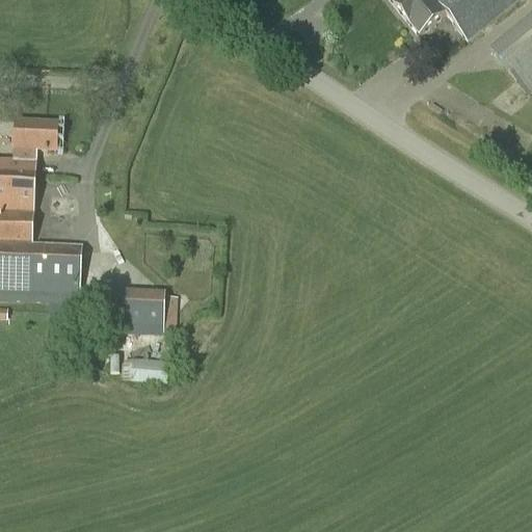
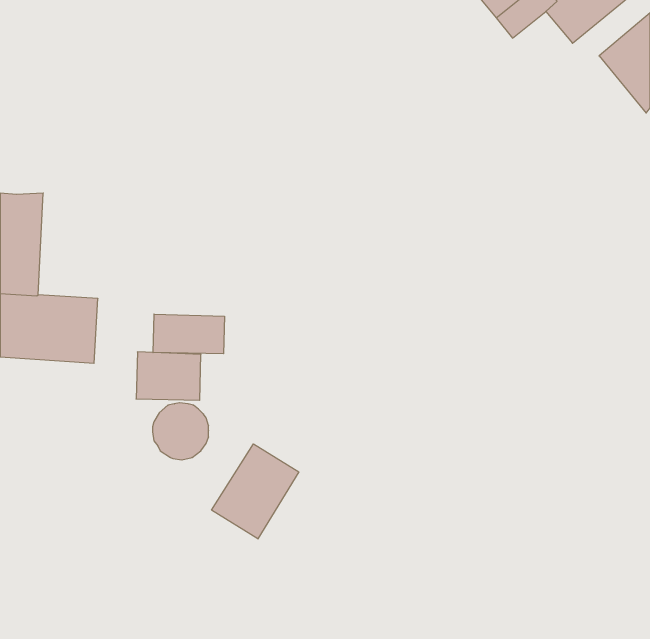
building: [14,119,57,159] -> none
building: none -> [153,314,224,354]
building: none -> [212,444,299,539]

